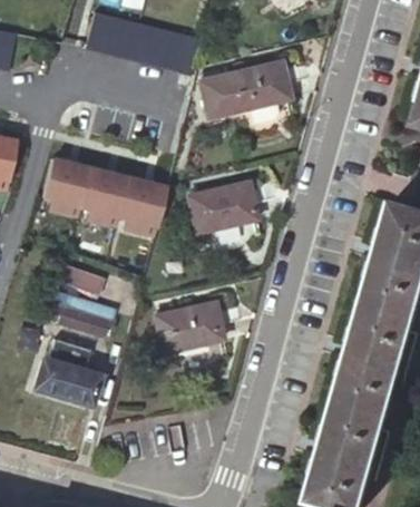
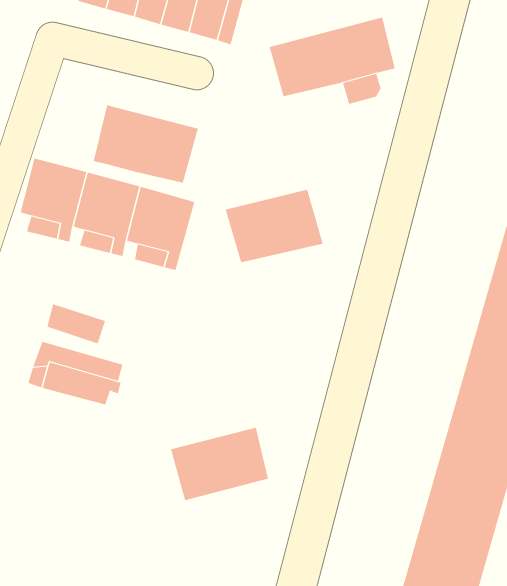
building: none -> [93,105,198,183]
building: [155,302,225,354] -> [170,427,269,501]
building: [35,340,97,404] -> none

